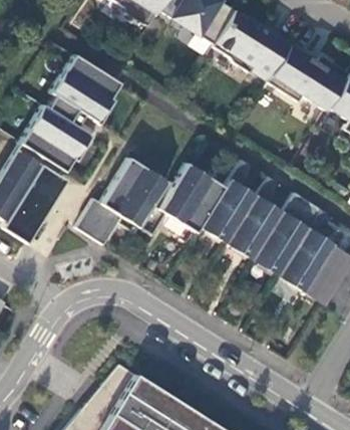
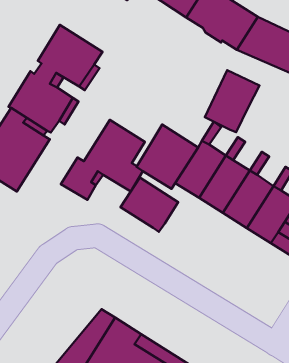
building: none -> [205,70,260,132]
building: none -> [121,178,178,232]

